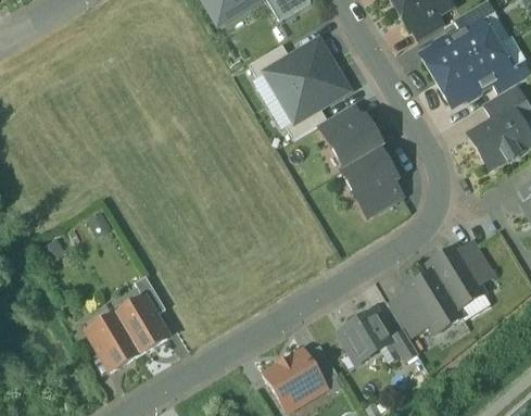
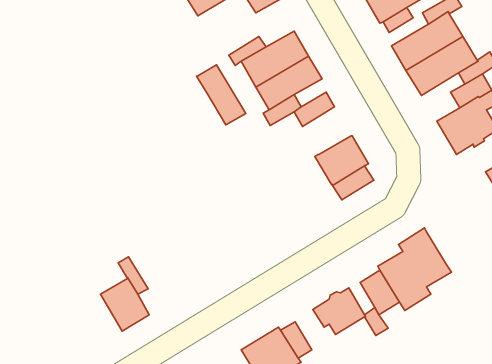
building: none -> [197,65,246,125]
building: [328,116,383,168] -> none
building: [458,240,494,283] -> none
building: [88,315,139,370] -> none

